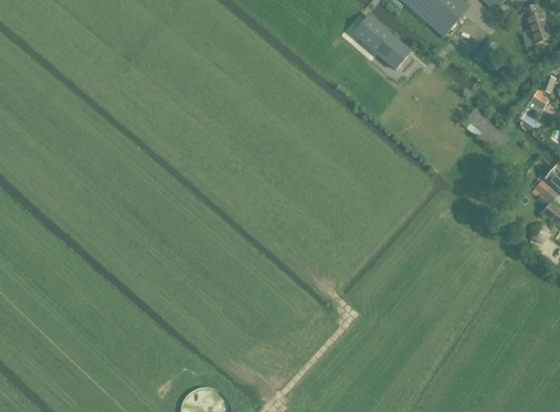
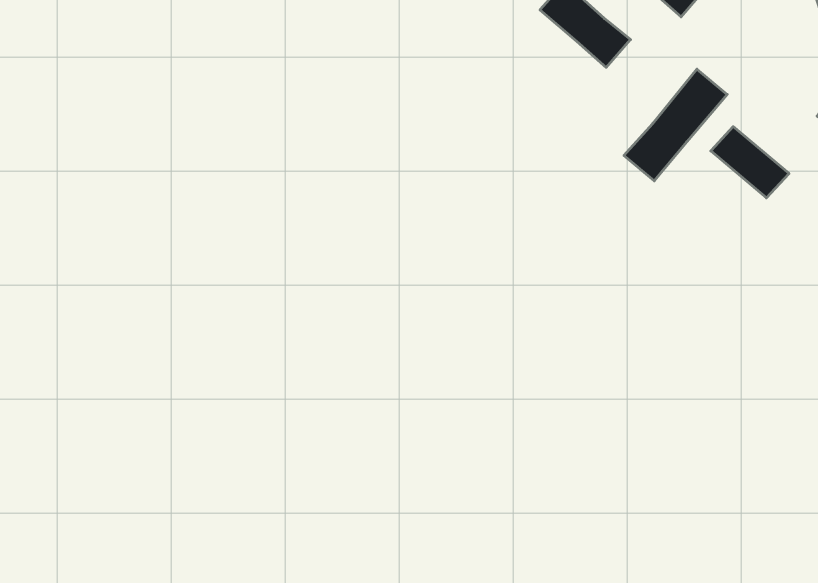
building: none -> [624,69,727,181]

